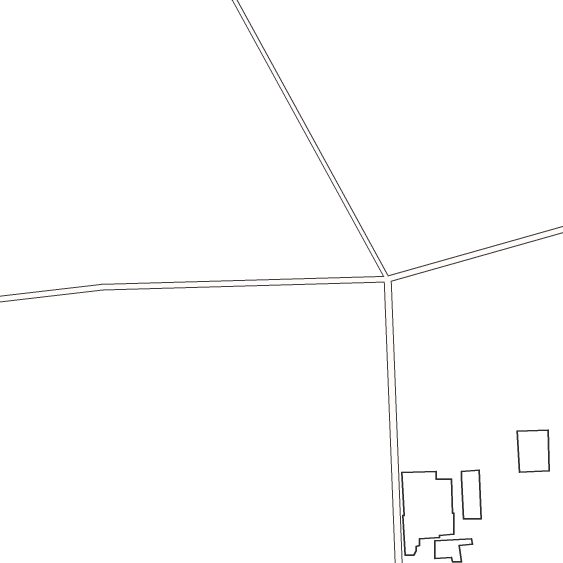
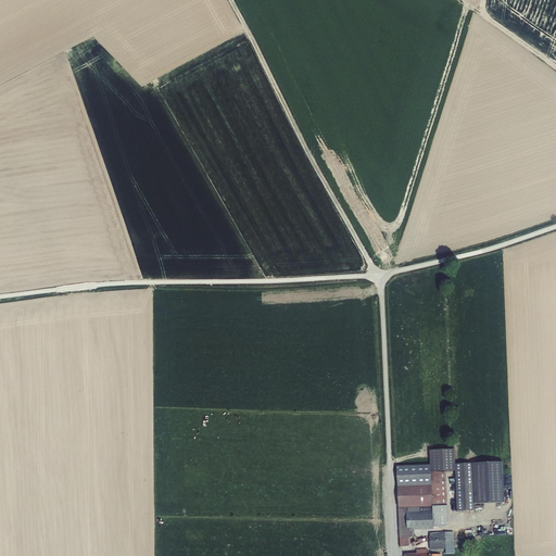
building: [517,430,549,472] -> [471,462,503,503]
building: none -> [429,448,454,471]

